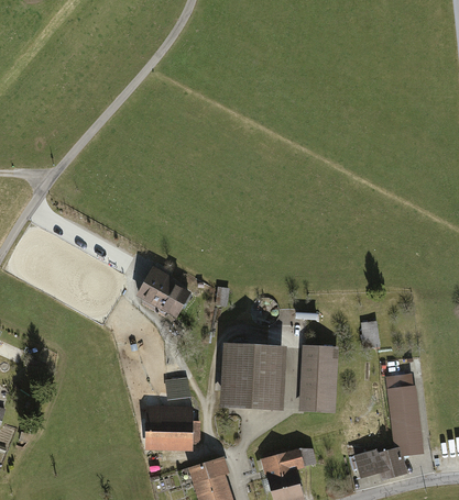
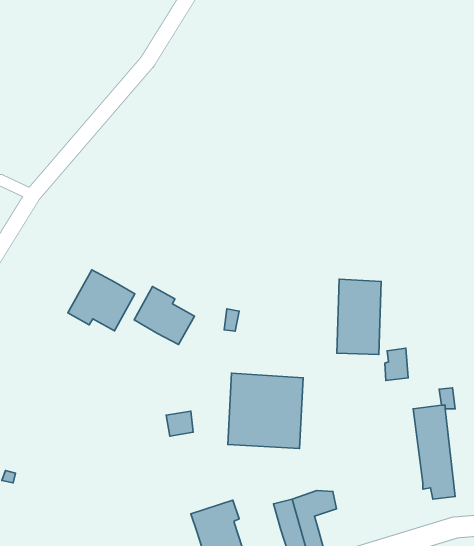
building: none -> [68,270,135,331]
building: [299,346,339,413] -> [337,279,381,354]
building: [145,403,201,448] -> none
building: [353,445,408,478] -> none

